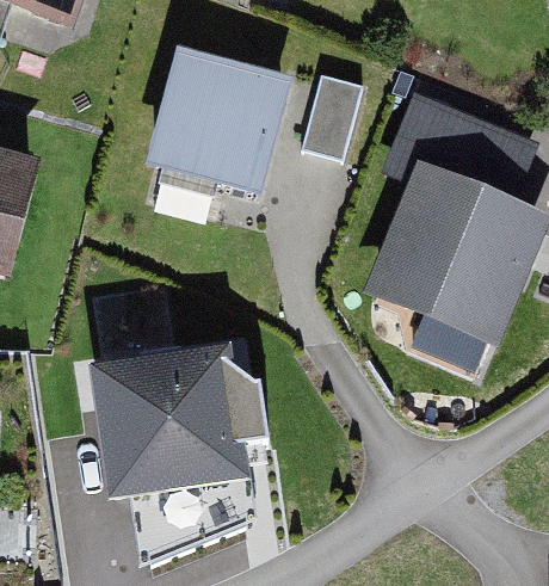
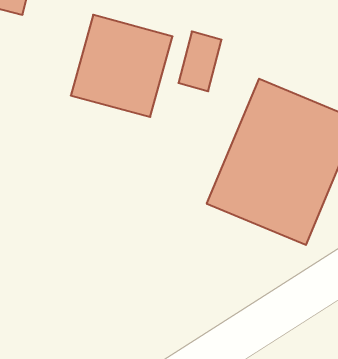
building: [95,366,249,517] -> none

